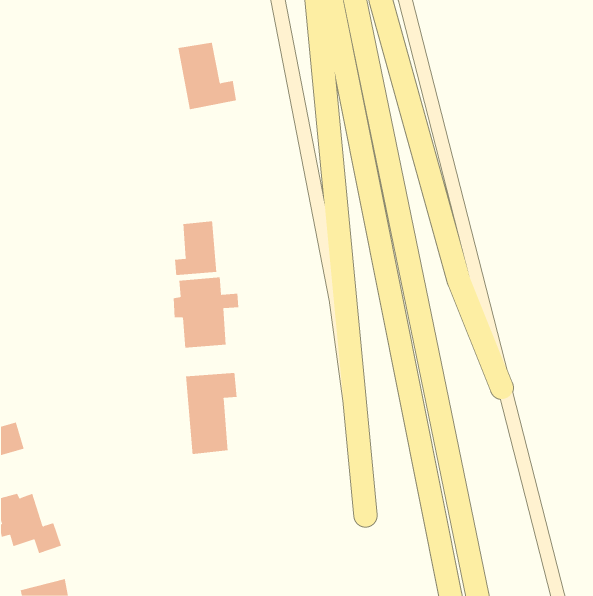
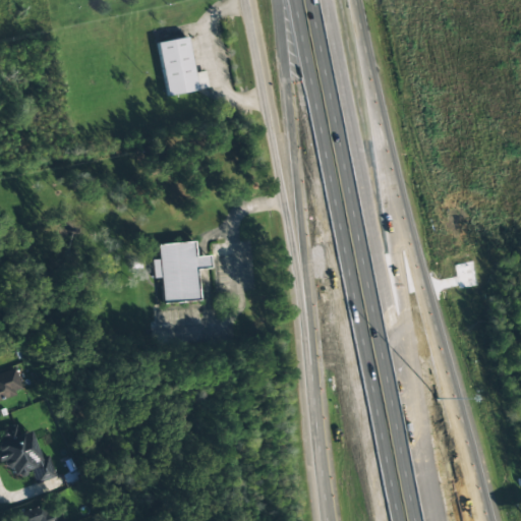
building: [174,220,217,276] -> none
building: [186,372,237,455] -> none

